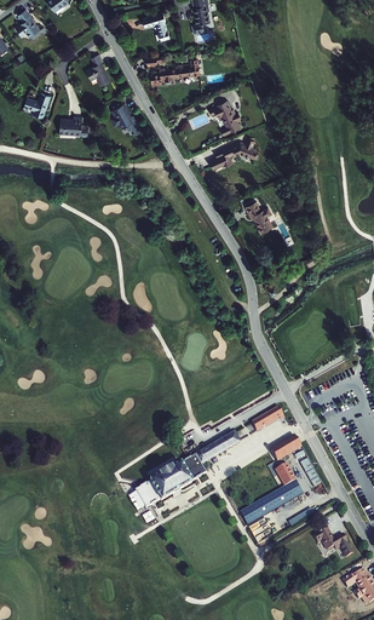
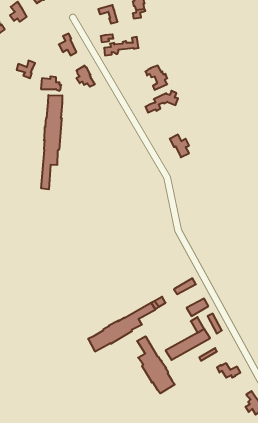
building: none -> [41,95,62,189]
building: none -> [137,336,175,393]

